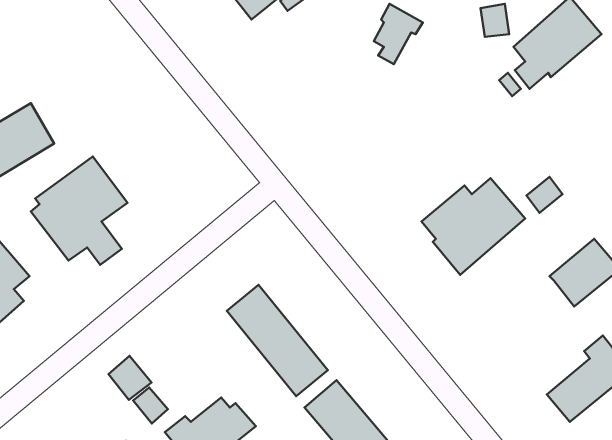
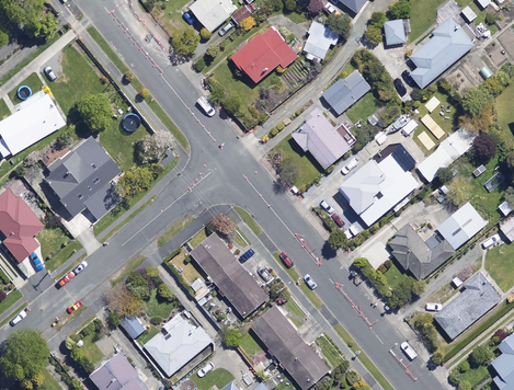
building: none -> [231,24,297,84]
building: none -> [322,68,372,115]
building: none -> [292,112,356,168]
building: none -> [385,222,455,282]
building: [108,356,151,400] -> none

